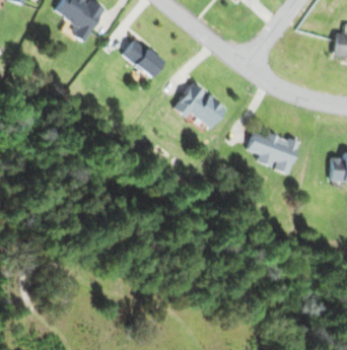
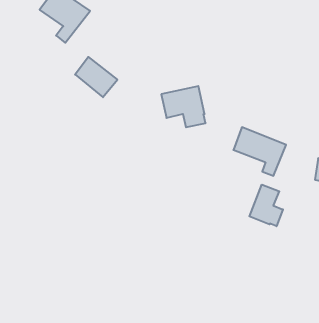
building: [123,39,164,78] -> [75,57,117,97]
building: none -> [249,185,283,226]

